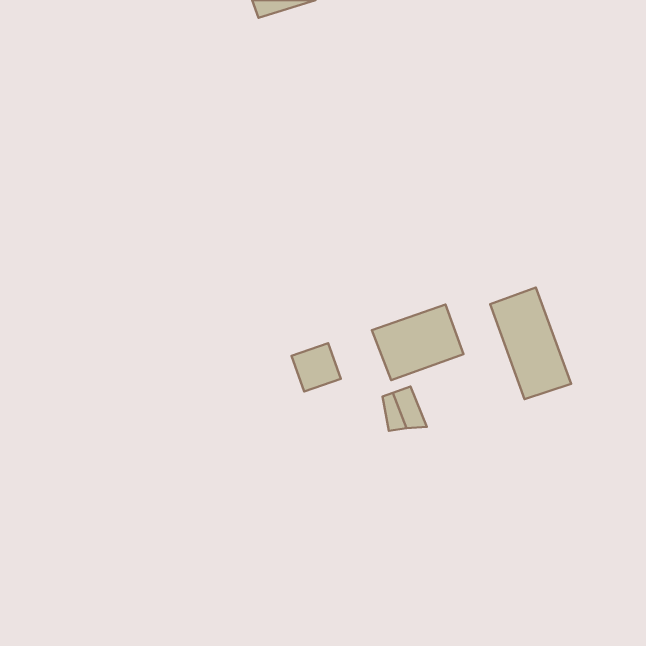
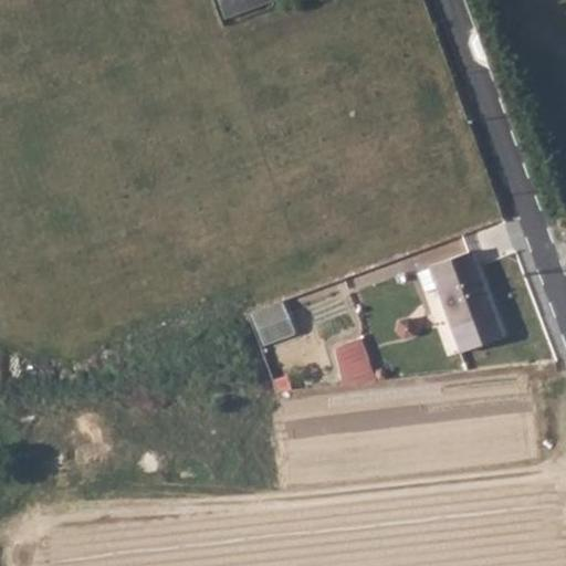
building: [372,304,463,380] -> none

